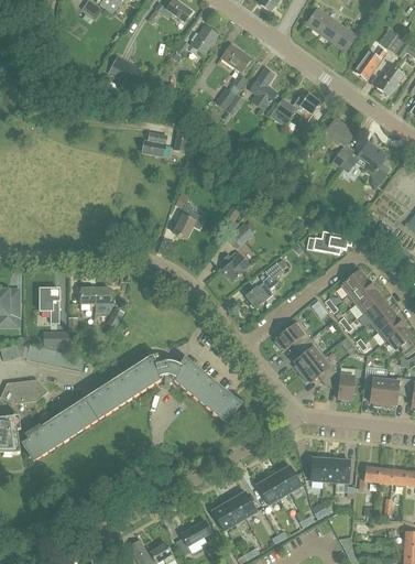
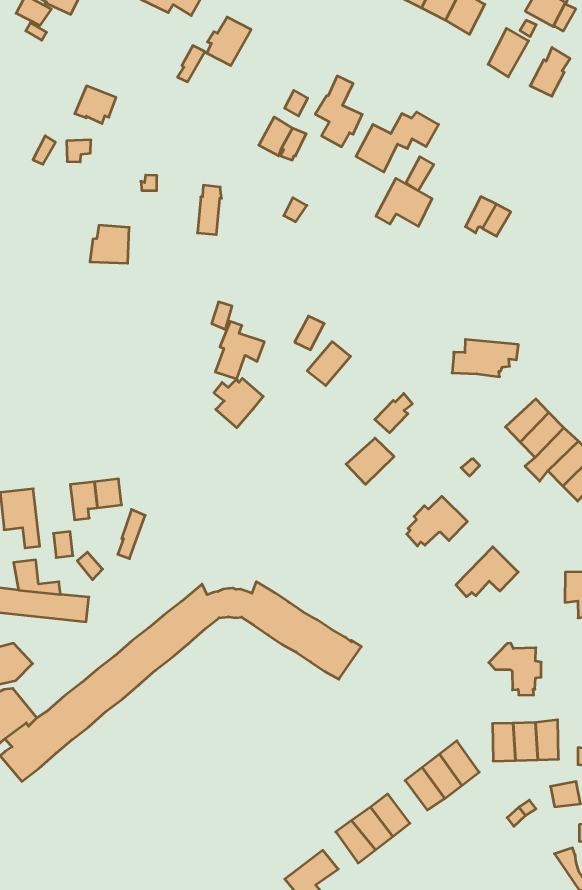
building: [220,42,251,70] -> none
building: [320,118,354,148] -> [376,178,432,226]
building: [141,131,166,155] -> [90,225,129,263]
building: [358,142,392,189] -> none
building: [221,252,250,281] -> [214,378,263,428]
building: [294,337,325,373] -> none
building: [326,370,357,402] -> [489,643,541,695]

